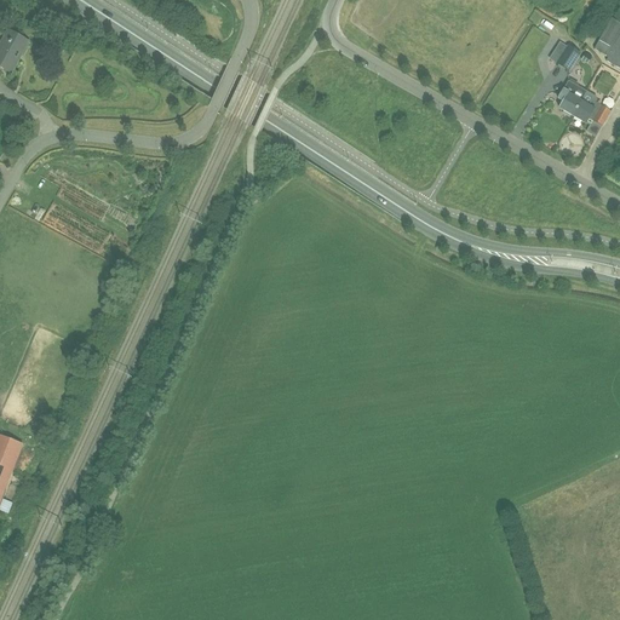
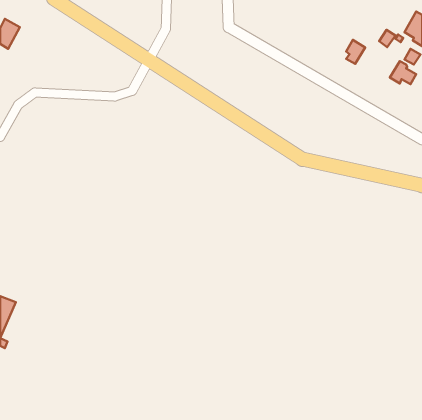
building: [558,79,586,114] -> [346,40,365,64]

